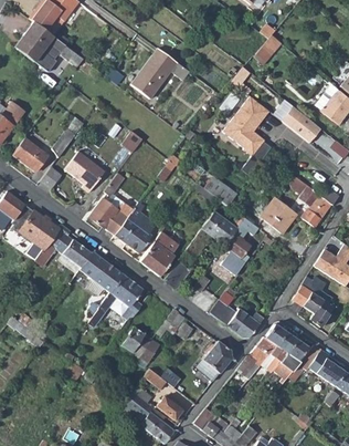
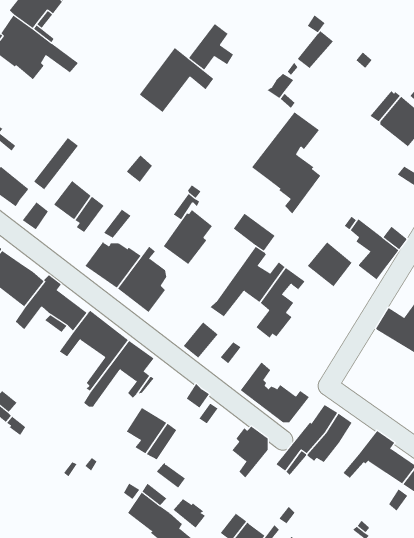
building: none -> [188,23,234,71]
building: [283,107,321,143] -> none
building: [139,232,178,276] -> [163,209,213,265]
building: [289,276,334,326] -> none
building: [273,339,307,384] -> none

